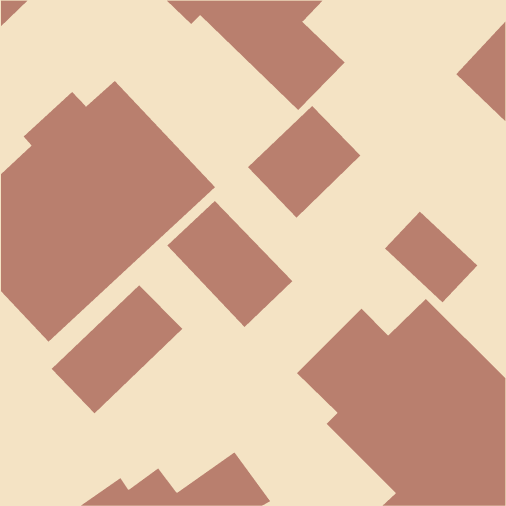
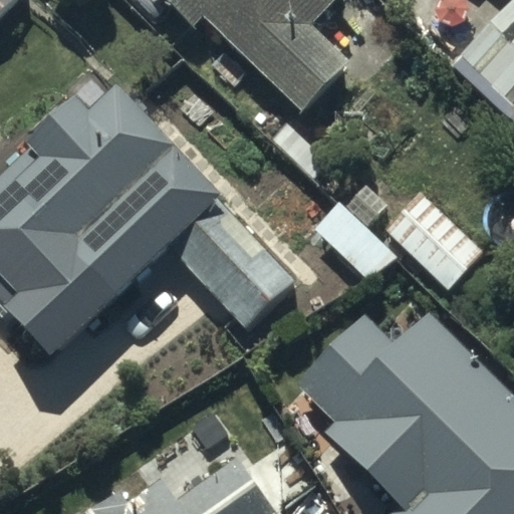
building: [247,105,361,218] -> none
building: [51,284,183,414] -> none

